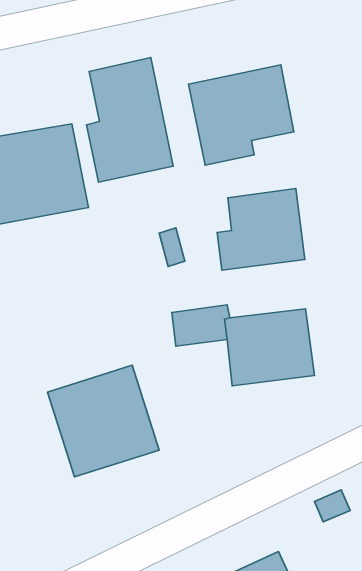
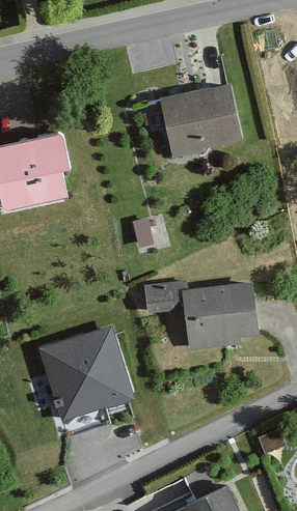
building: [86,58,173,182] -> none
building: [217,189,305,270] -> none

